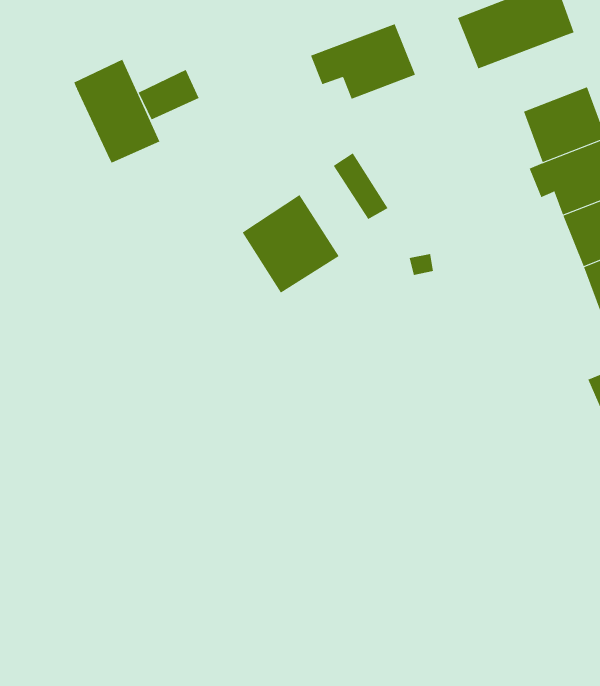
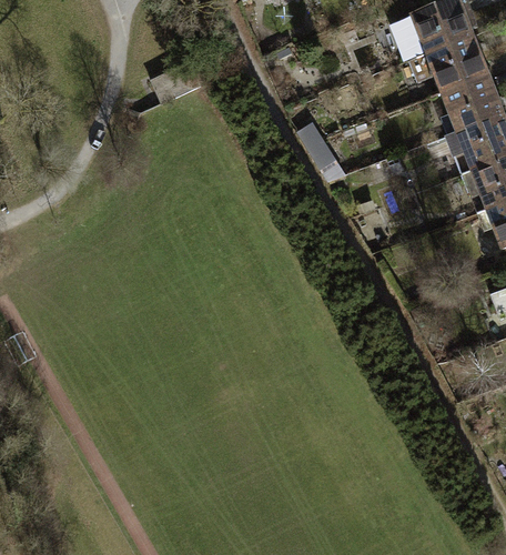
building: [310,23,416,100] -> [411,36,490,93]
building: [74,59,160,163] -> none
building: [242,194,340,294] -> none

